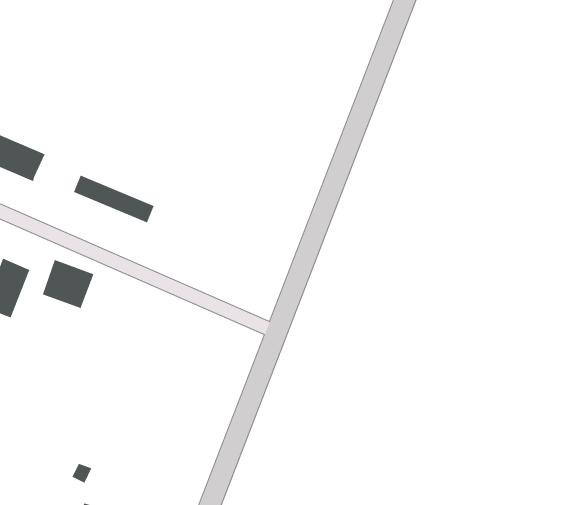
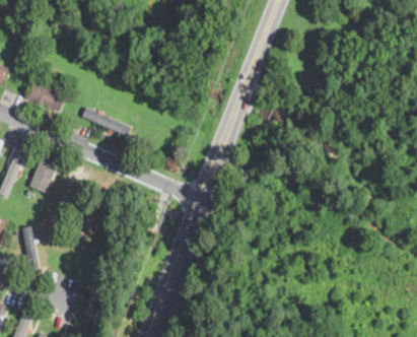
building: [42,259,94,309] -> none

